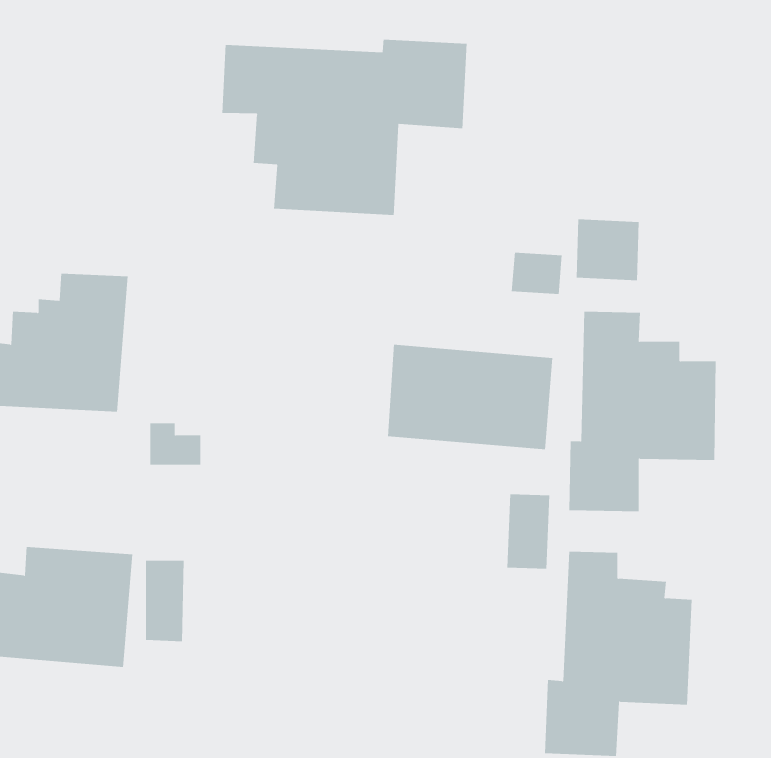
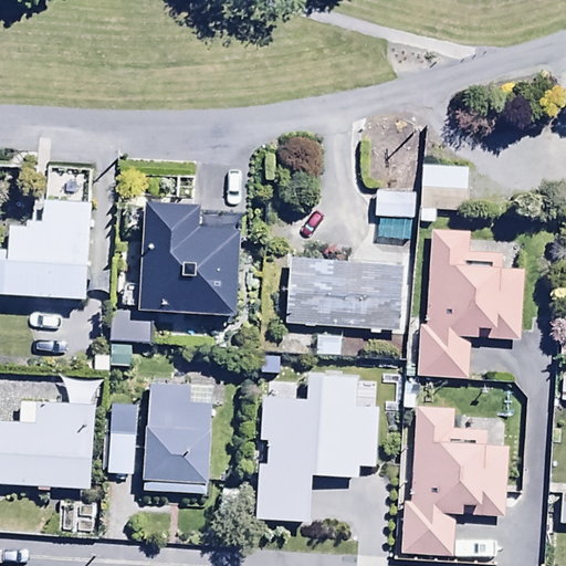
building: [222,39,467,216] -> none
building: none -> [138,203,241,317]
building: none -> [143,377,221,493]
building: none -> [280,384,349,511]

